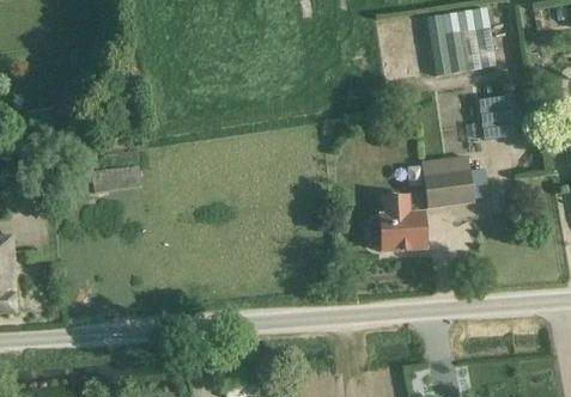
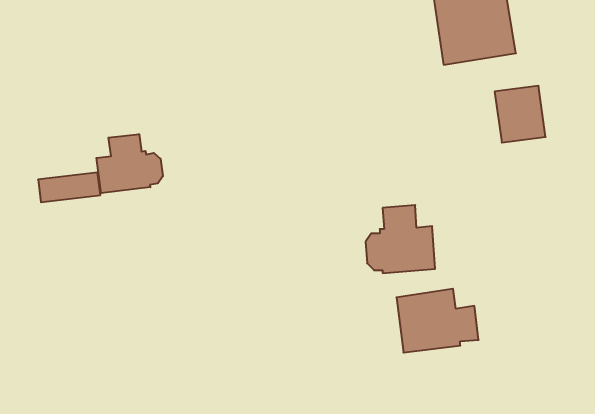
building: none -> [96,134,163,193]
building: [420,155,490,209] -> [396,289,479,353]

